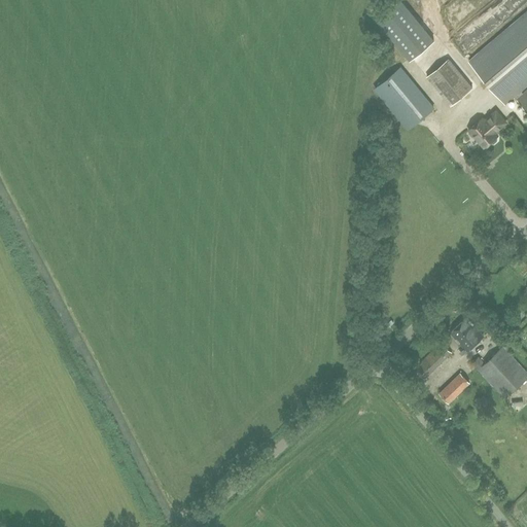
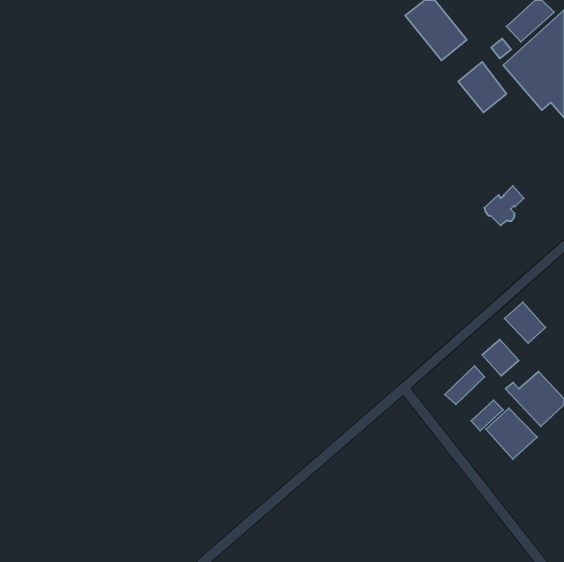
building: [375,68,433,130] -> none
building: [468,111,505,148] -> [484,186,524,226]
building: none -> [505,302,545,343]
building: none -> [486,408,537,459]

